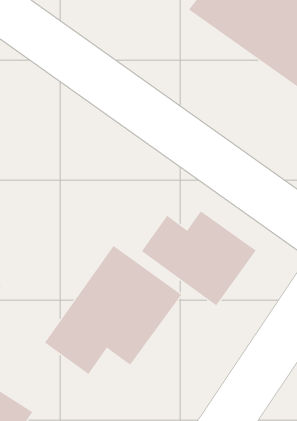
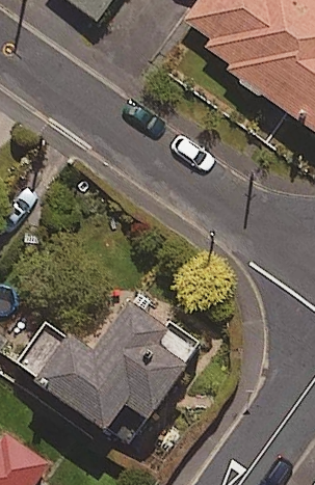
building: [141,211,256,306] -> none

